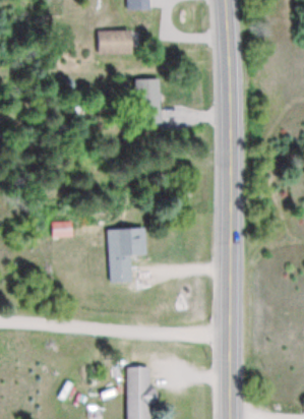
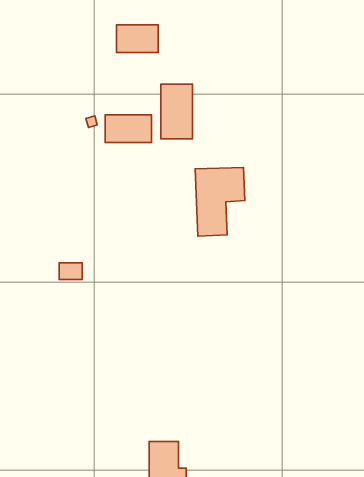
building: none -> [105,115,152,142]
building: [107,228,146,283] -> [195,168,245,236]

